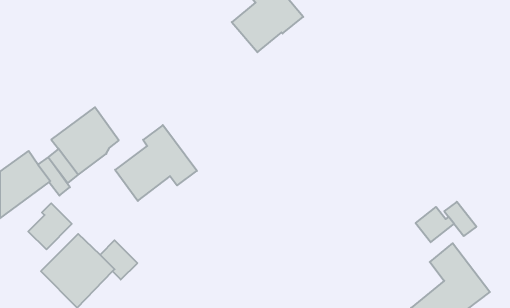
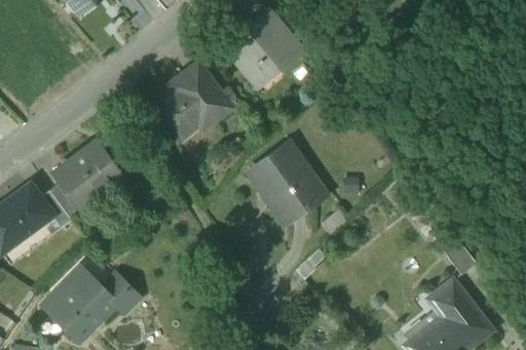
building: none -> [247,140,326,220]
building: [115,125,197,201] -> [151,63,232,138]
building: [28,203,72,249] -> none
building: [416,207,454,242] -> none

